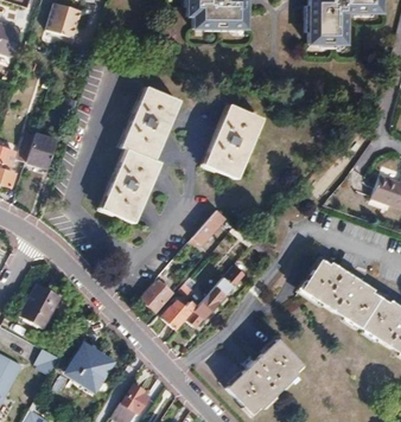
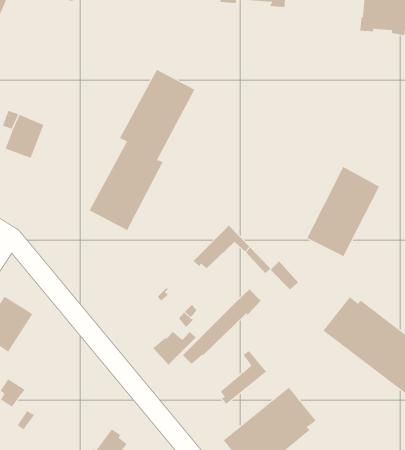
building: [204,104,261,179] -> [307,166,380,257]
building: [140,279,173,312] -> none
building: none -> [220,350,267,405]
building: [64,345,112,388] -> none

